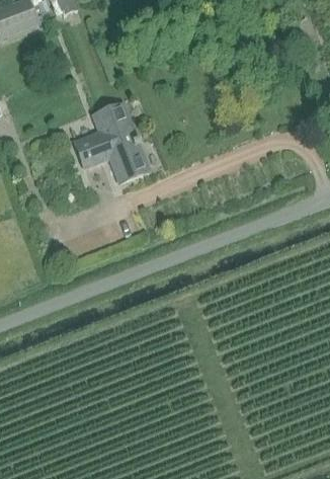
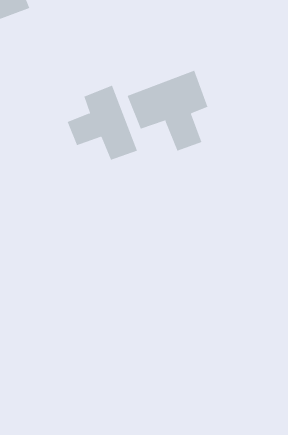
building: none -> [127,70,208,152]

